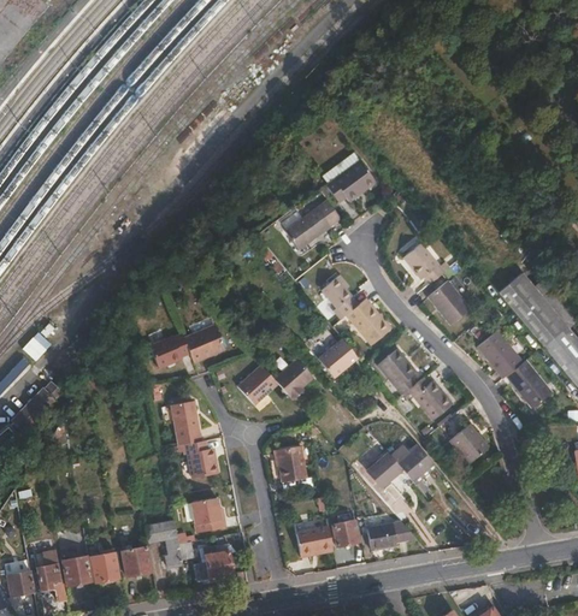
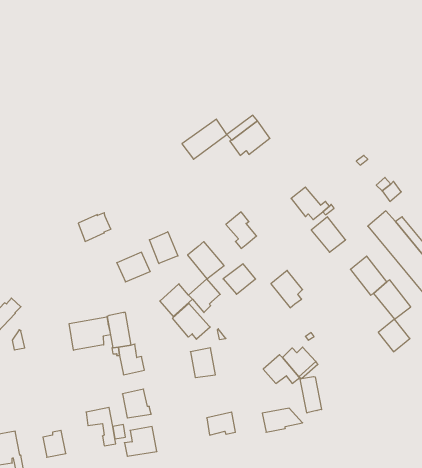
building: [284,199,341,249] -> [182,119,227,159]
building: [346,297,391,344] -> [188,242,224,279]
building: none -> [149,232,178,264]
building: [149,332,190,368] -> [78,213,111,241]
building: [407,375,453,420] -> none
building: none -> [173,303,210,339]
building: none -> [69,317,111,350]
building: [449,422,489,463] -> [378,319,410,352]
building: none -> [300,377,322,413]
building: [331,519,359,545] -> none
building: [122,545,151,576] -> none
building: [61,551,92,586] -> none

